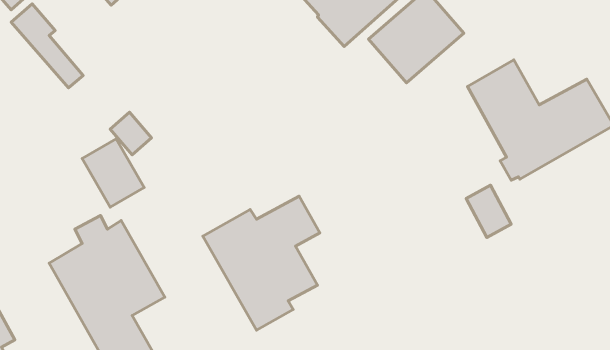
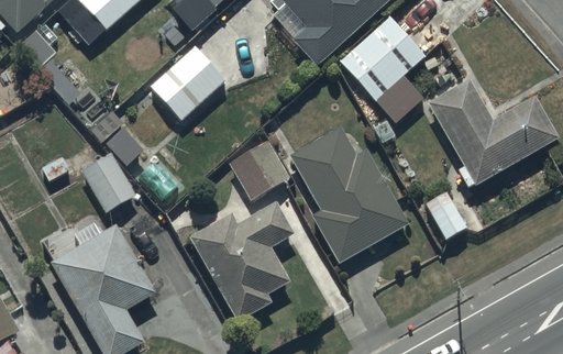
building: none -> [151,45,225,119]
building: none -> [289,126,409,264]
building: none -> [230,141,290,199]

